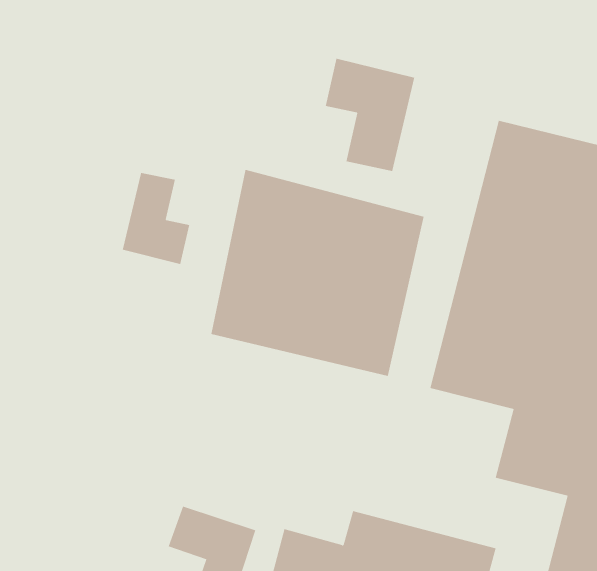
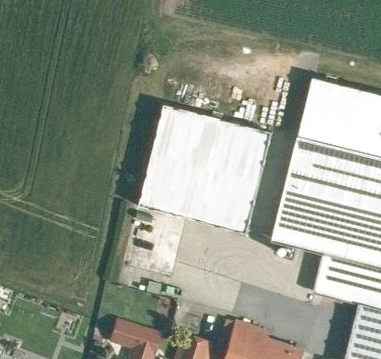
building: [325,58,415,172] -> none
building: [122,172,190,265] -> none

